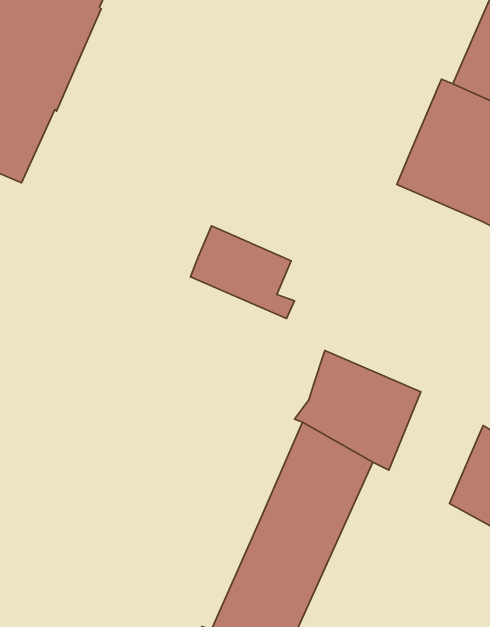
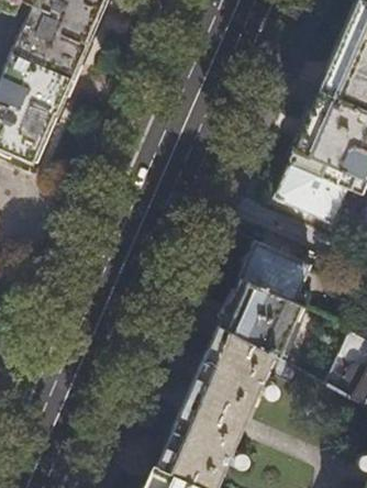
building: none -> [276,165,349,225]
building: [191,226,294,318] -> [242,244,313,308]

